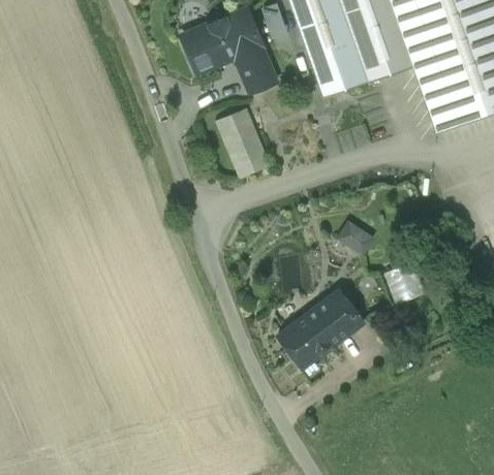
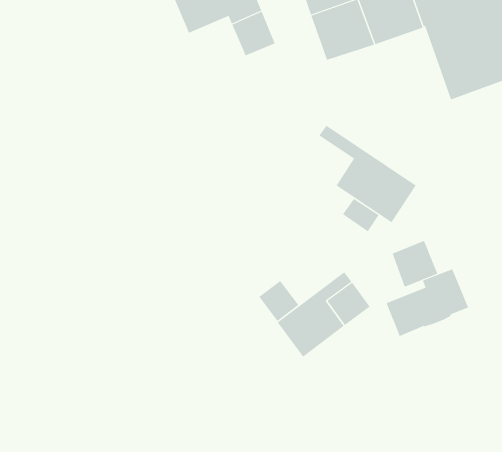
building: [215,106,271,178] -> none
building: none -> [319,125,417,223]
building: none -> [386,269,469,337]
building: none -> [259,280,299,322]

